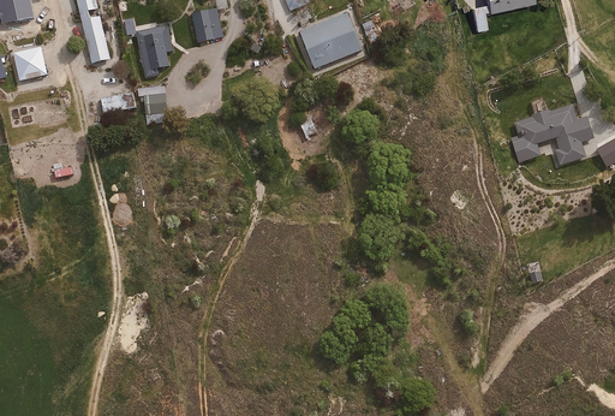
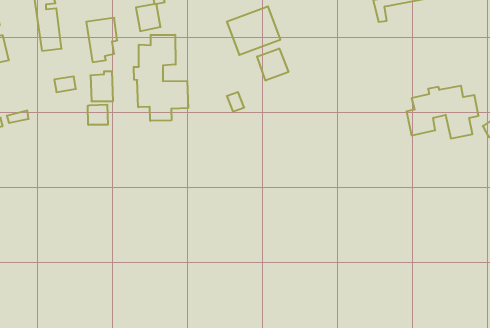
building: none -> [134,35,188,121]
building: none -> [257,48,288,81]
building: none -> [88,105,108,125]

